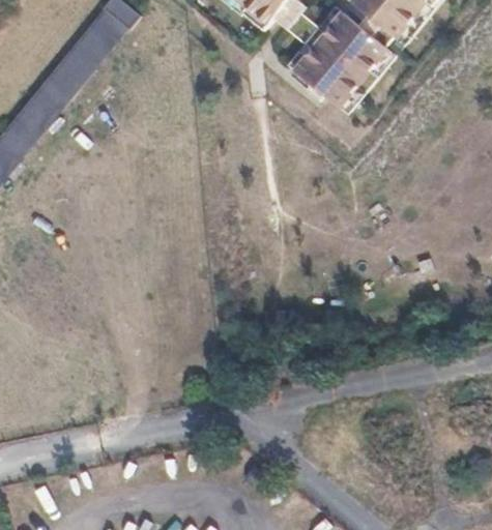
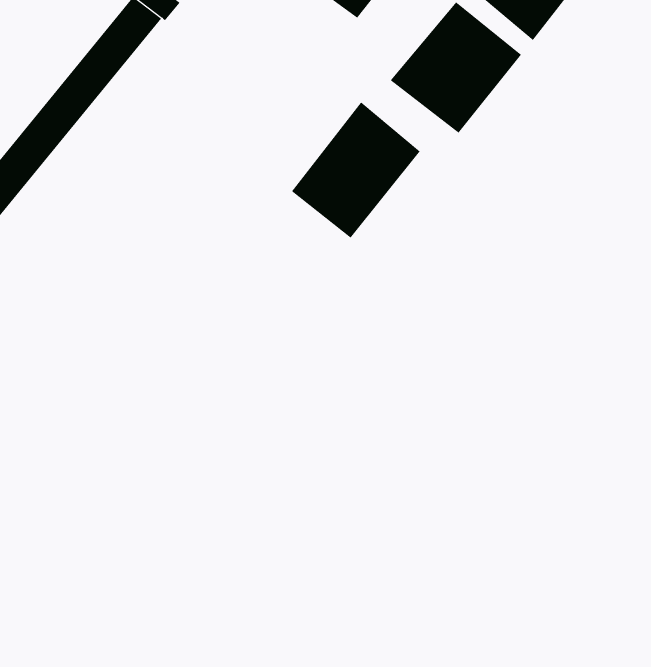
building: none -> [291,101,420,239]

